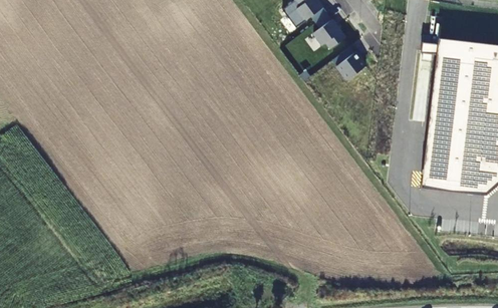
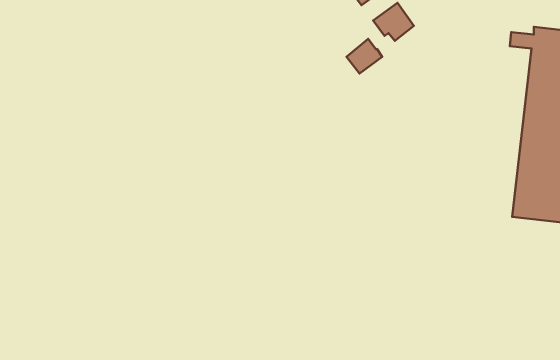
building: [337,52,365,79] -> [347,39,382,73]

